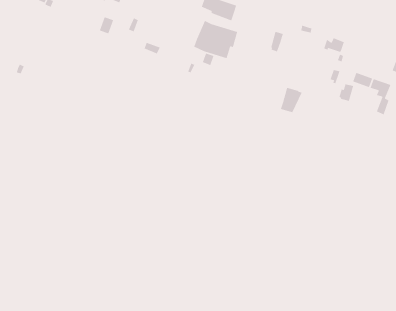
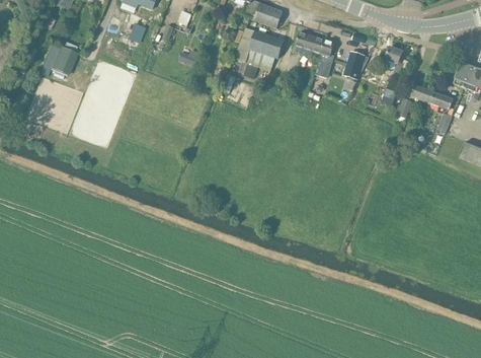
building: none -> [293,30,324,56]
building: none -> [50,45,77,76]
building: [280,87,303,113] -> [343,50,369,79]

